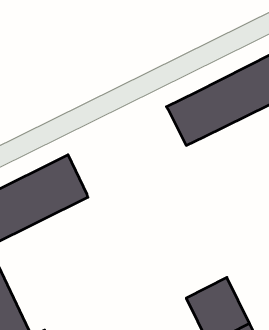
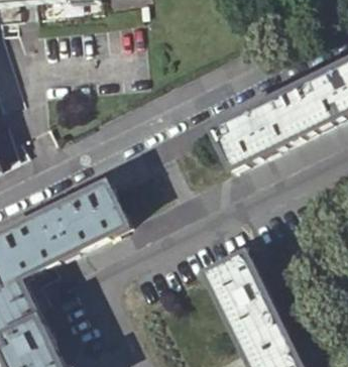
building: none -> [202,248,276,332]

